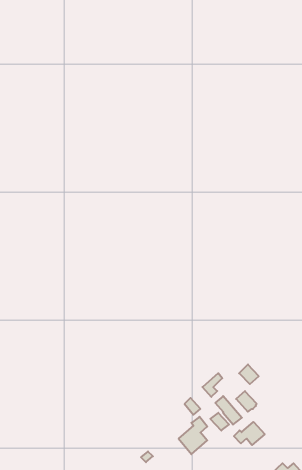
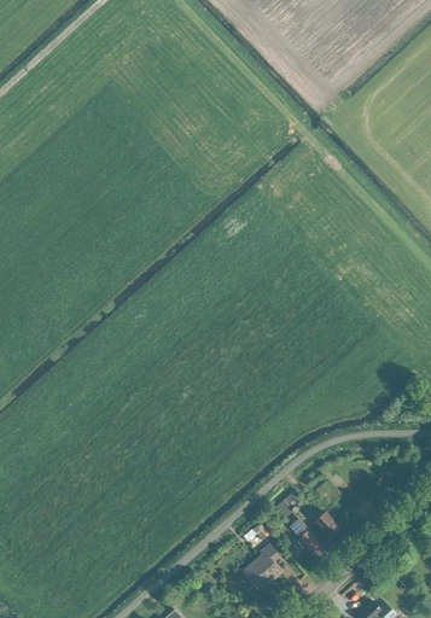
building: [234,422,265,445] -> none

